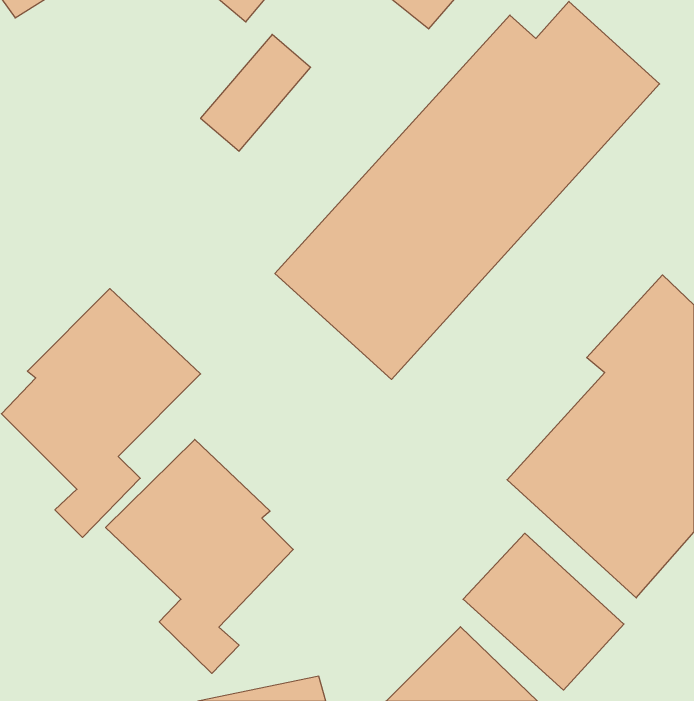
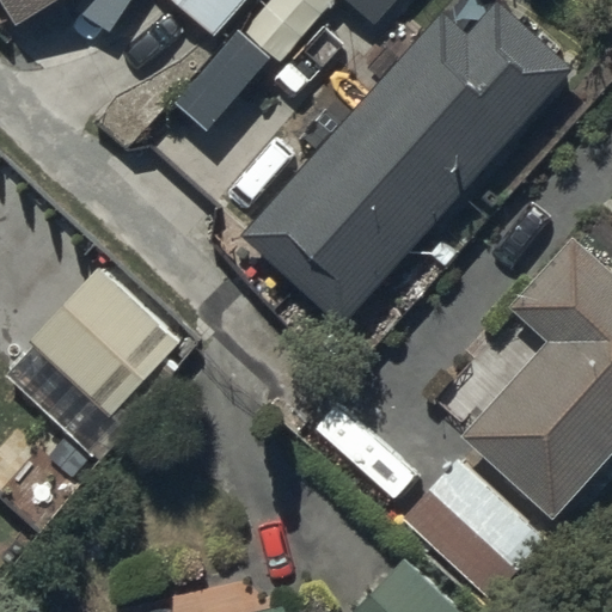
building: [106,439,293,673] -> none

